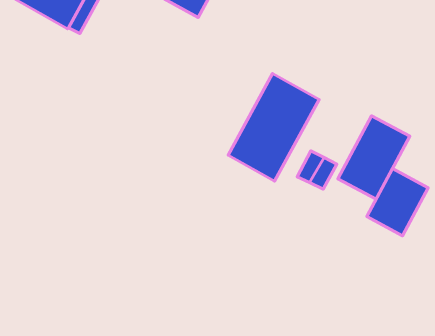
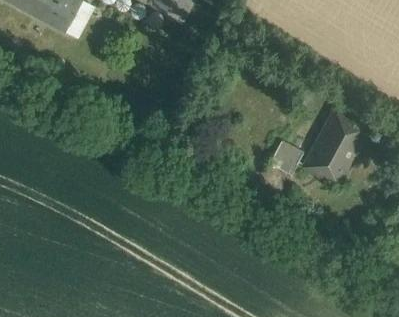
building: [228,74,319,181] -> none
building: [367,169,428,236] -> none

